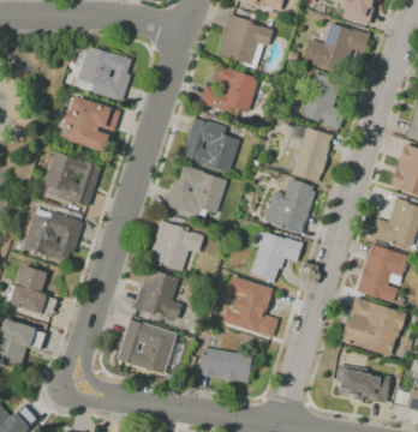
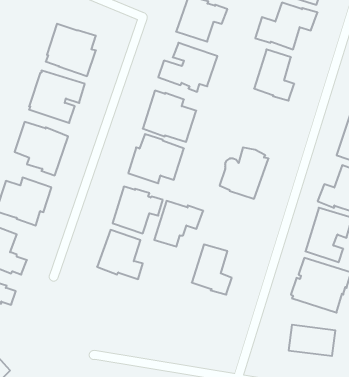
building: [291,124,333,181] -> none
building: [250,232,303,281] -> [154,201,203,247]
building: [117,319,174,374] -> none
building: [199,347,253,382] -> none

